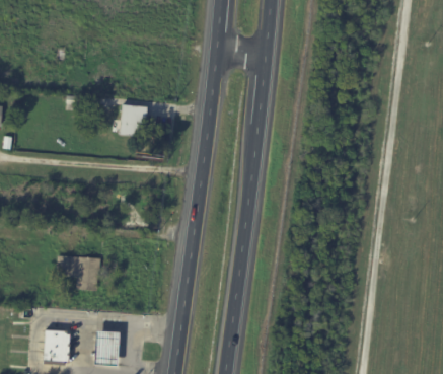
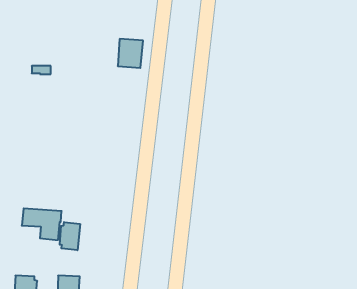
building: [119,103,147,136] -> [118,39,143,68]
building: none -> [60,222,80,250]

